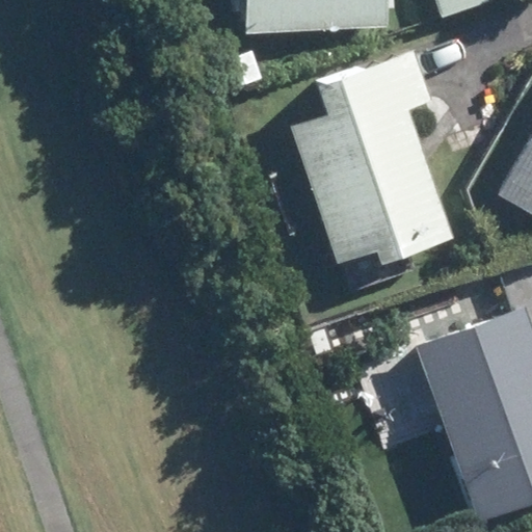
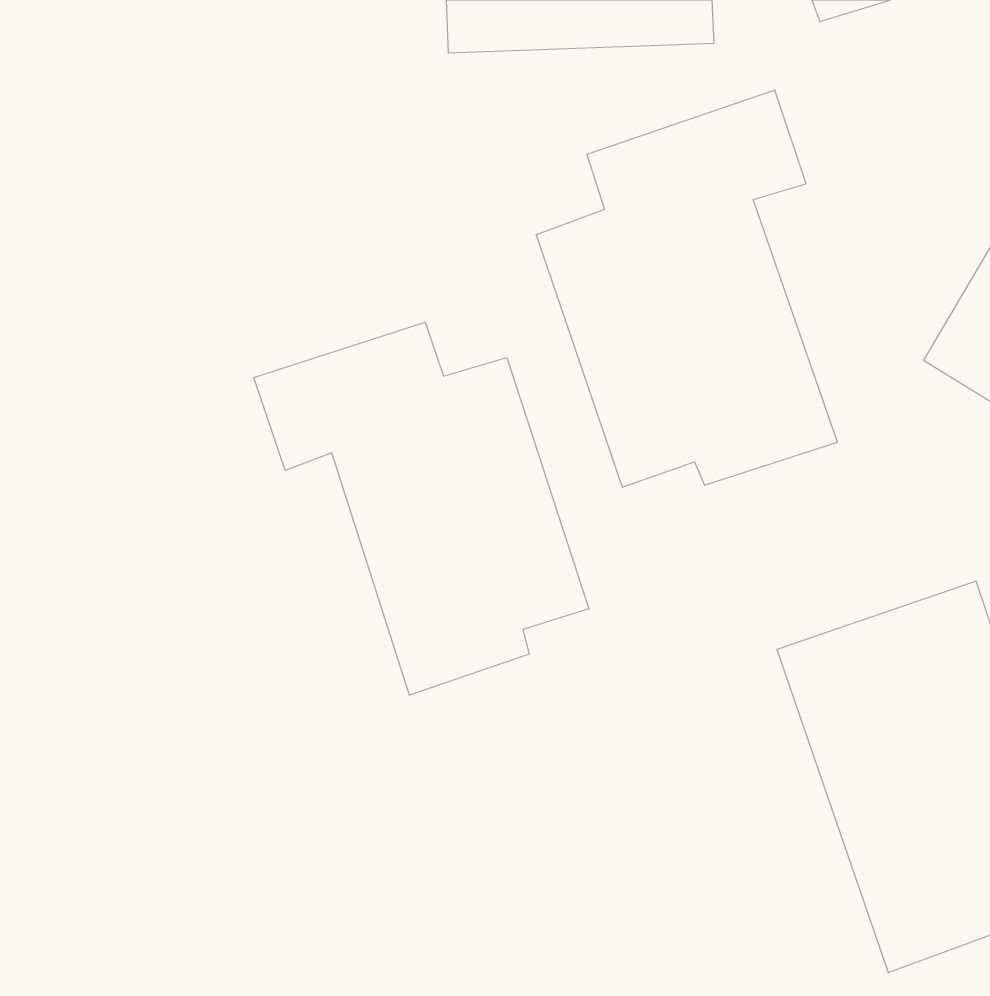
building: none -> [254,322,589,695]

